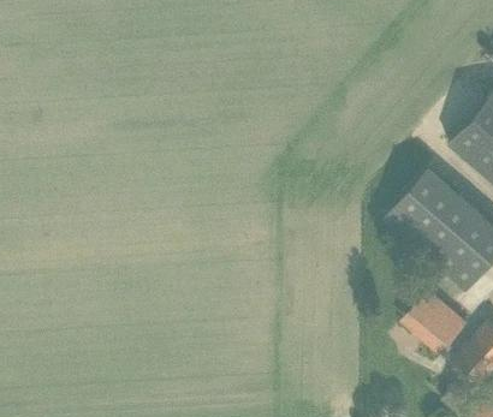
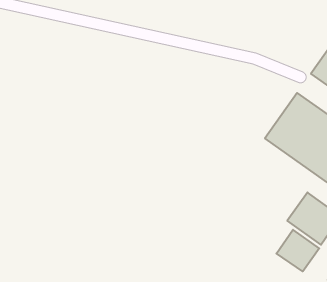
building: none -> [276,230,319,271]

